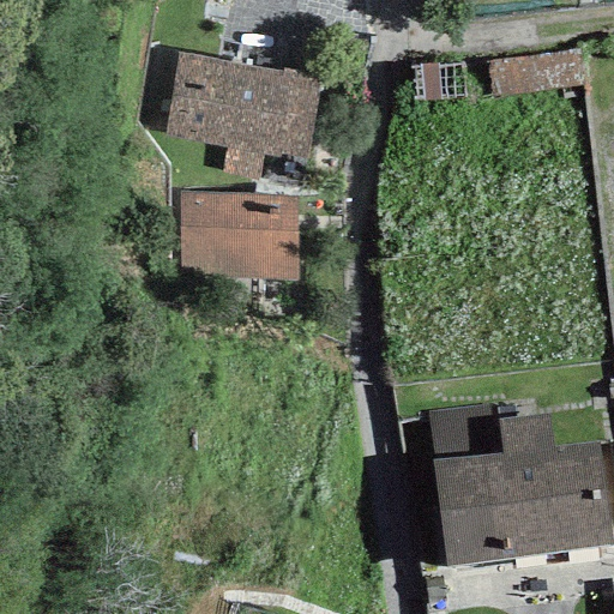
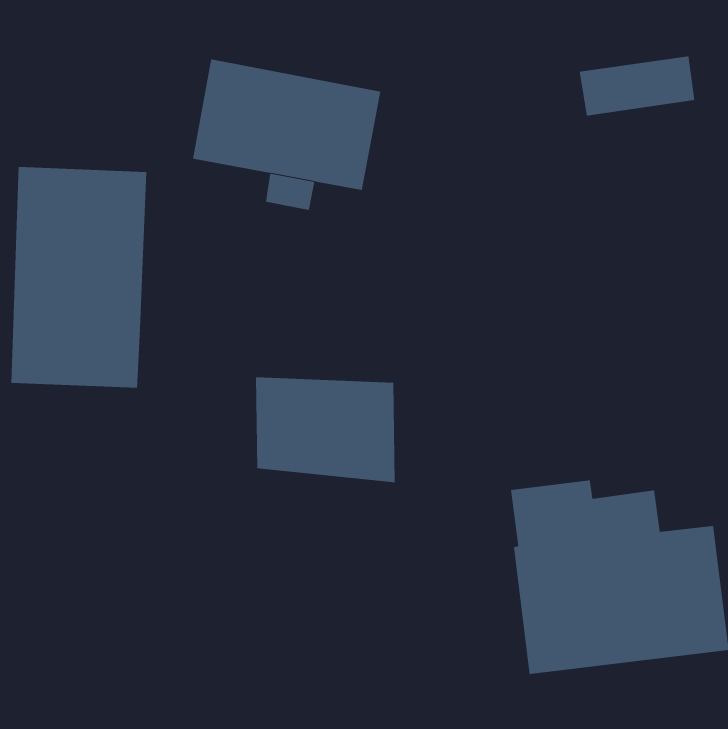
building: none -> [11,166,147,388]
building: [182,192,300,281] -> [255,377,396,483]

